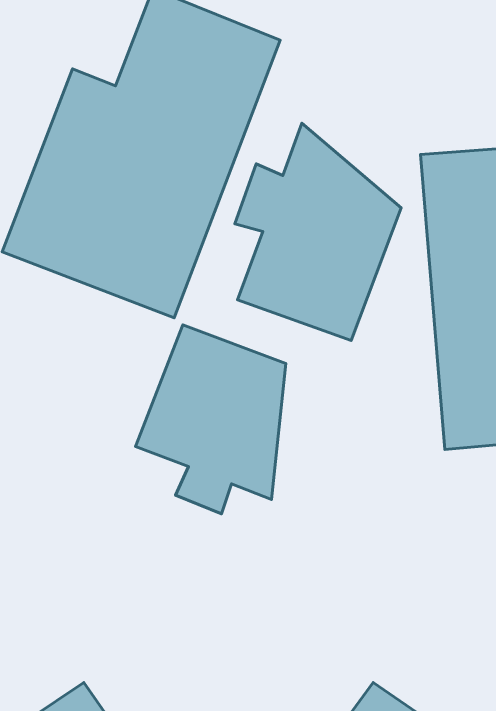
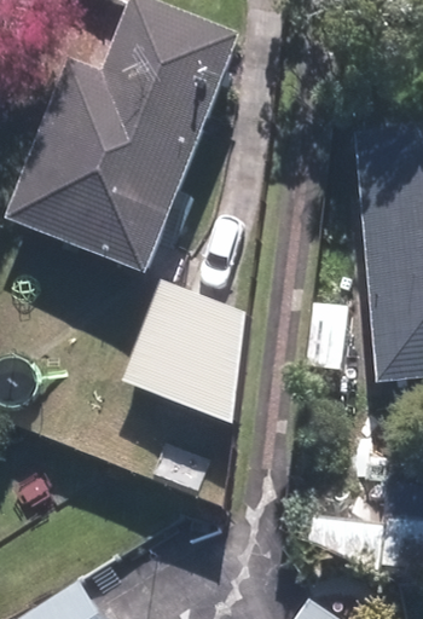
building: [235,123,401,341] -> none

